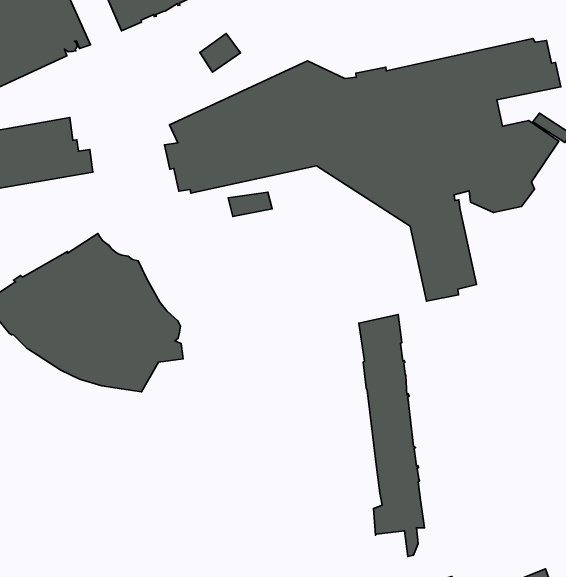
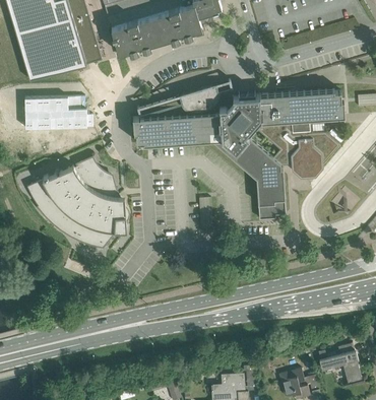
building: [359,315,424,557] -> none

